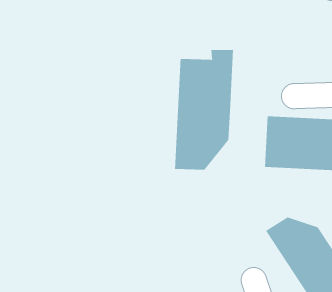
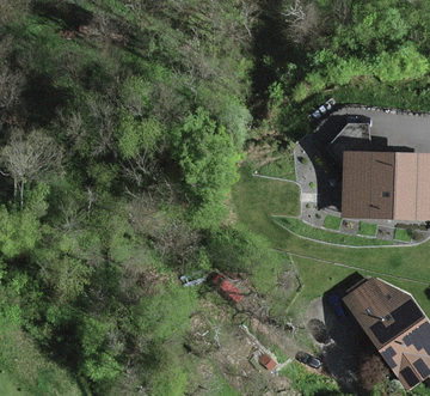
building: [174,49,233,170] -> none

